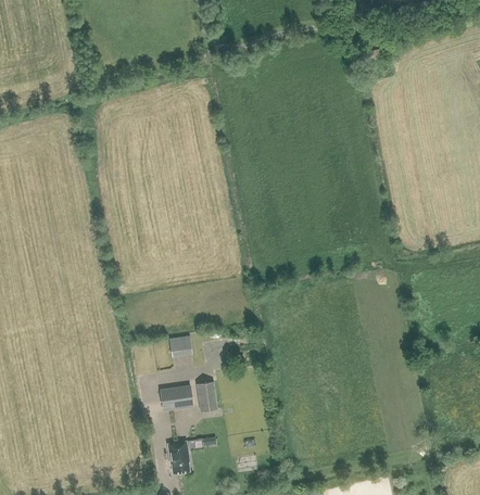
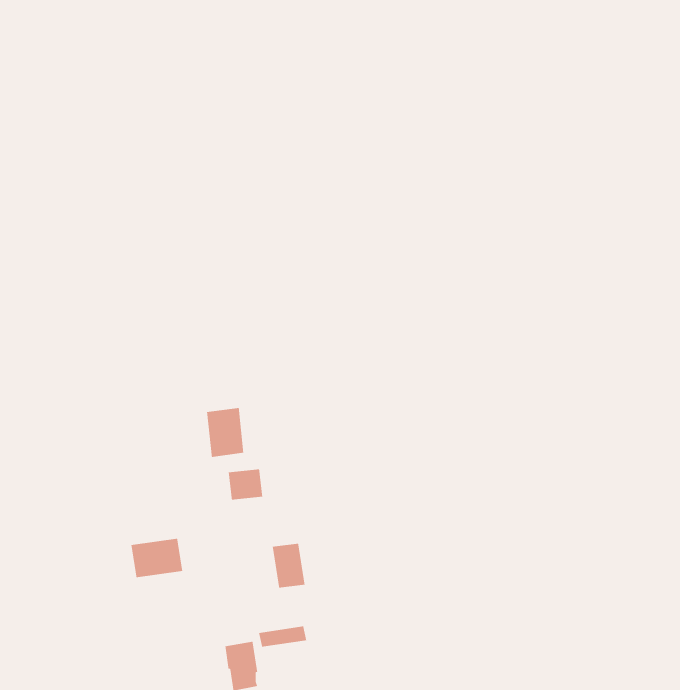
building: none -> [206,407,244,458]
building: [161,385,194,411] -> [131,538,183,578]

